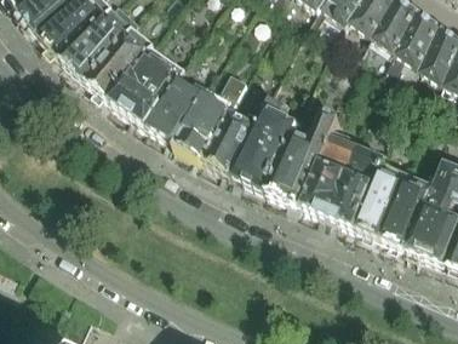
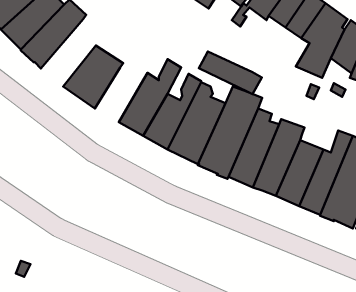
building: [85,24,156,102] -> none
building: none -> [199,52,262,94]
building: [147,80,202,143] -> none

